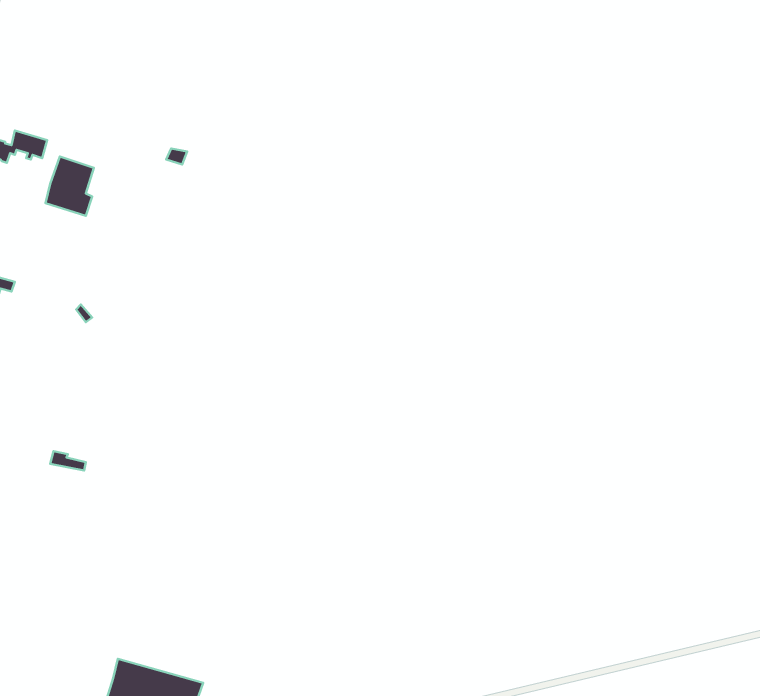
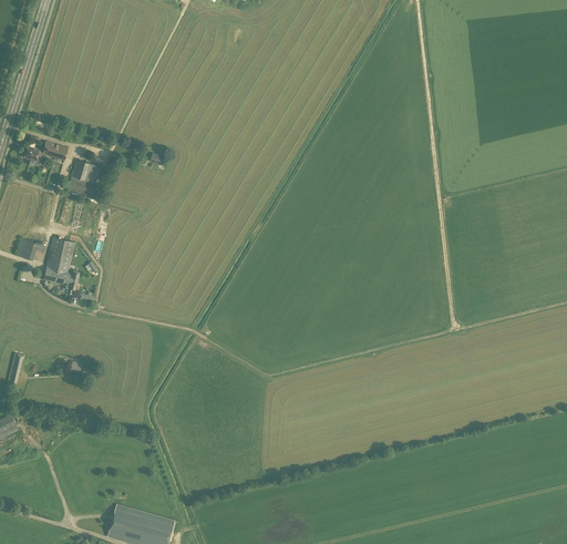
building: none -> [41,237,76,294]

